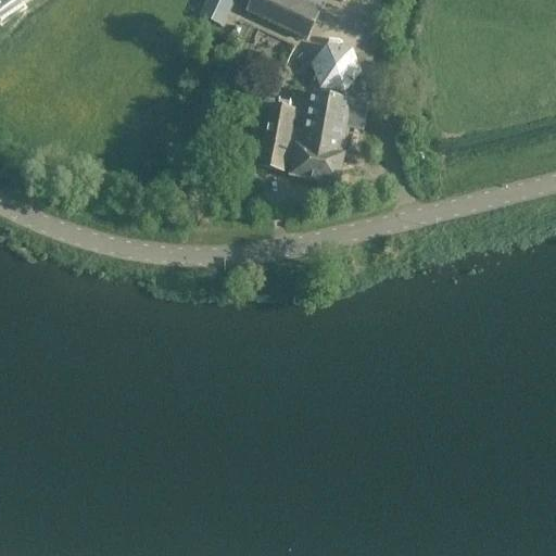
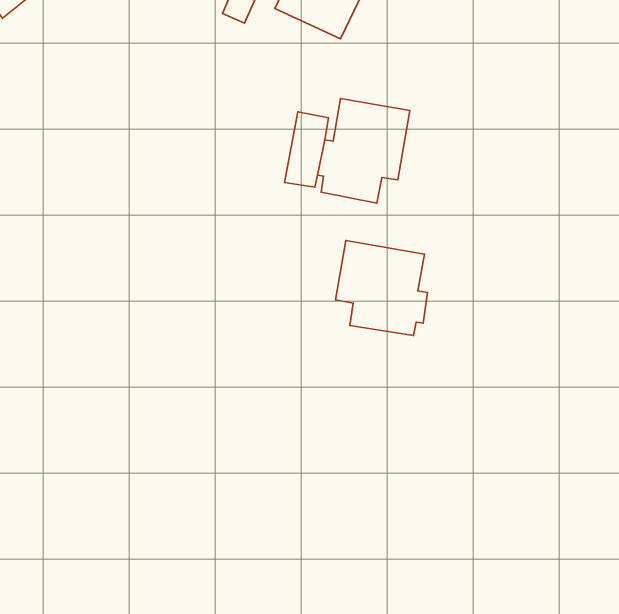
building: [312,42,359,88] -> none
building: none -> [335,240,427,336]

